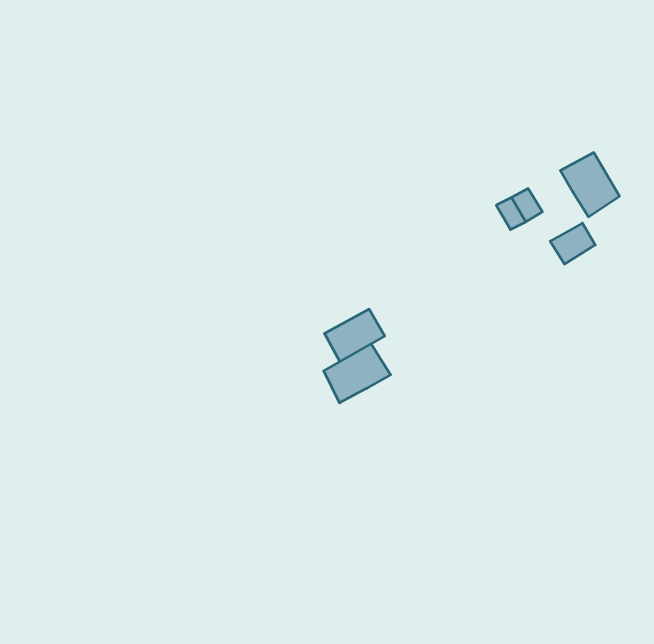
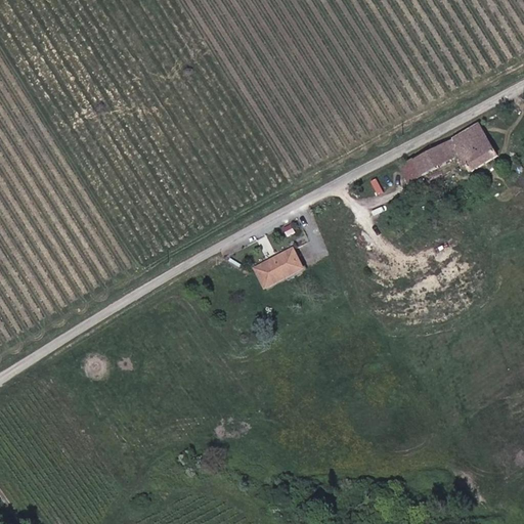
building: [550,223,595,264] -> [422,136,457,169]
building: [324,344,391,403] -> none

